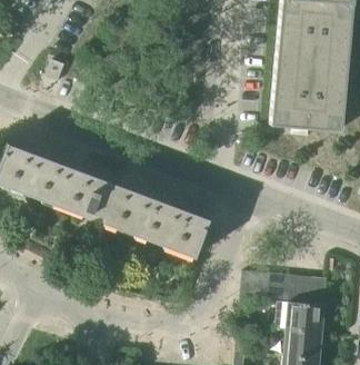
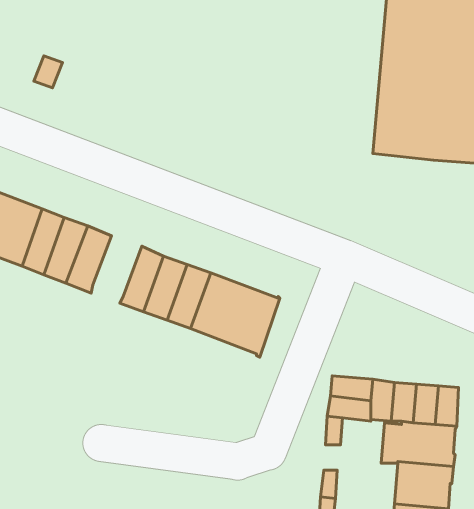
building: [86,179,118,219] -> none

